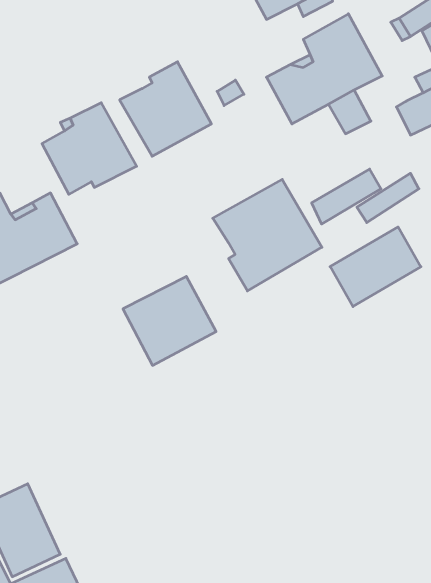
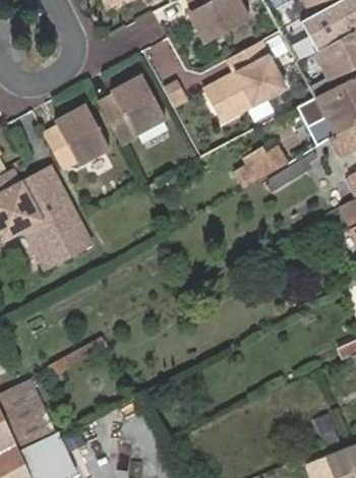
building: [213,179,322,291] -> none
building: [330,227,421,307] -> none
building: [123,276,216,365] -> [22,205,90,270]

